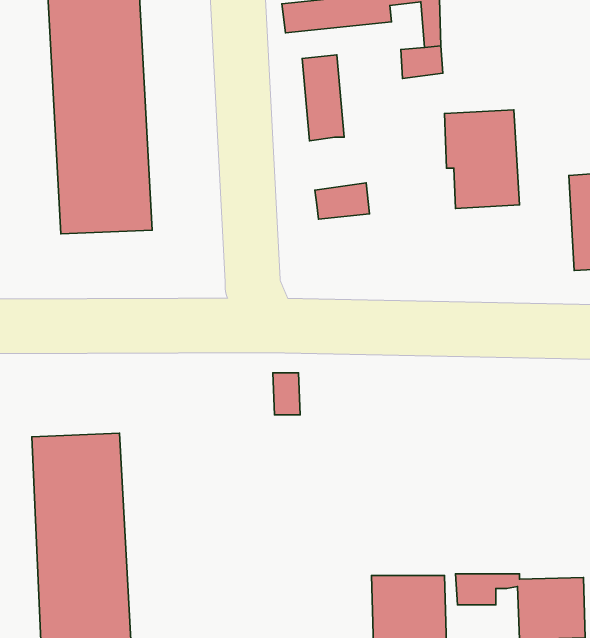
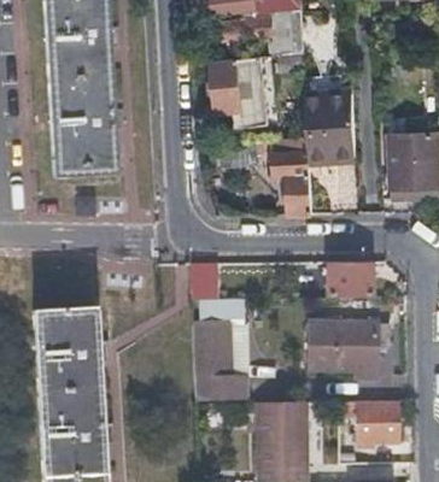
building: none -> [234,54,269,127]
building: none -> [273,136,312,213]
building: none -> [326,266,370,296]
building: none -> [191,319,244,398]
building: none -> [309,322,388,377]

